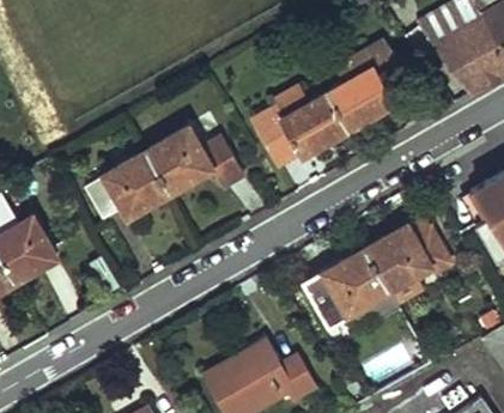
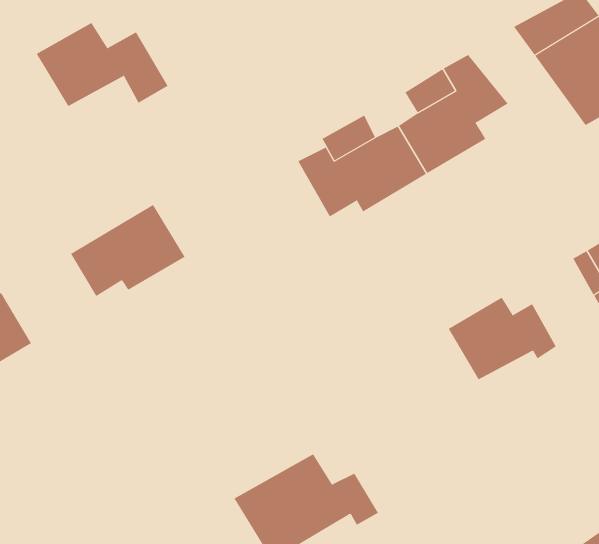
building: [147,130,247,194] -> [36,22,168,107]
building: [304,248,390,323] -> none

